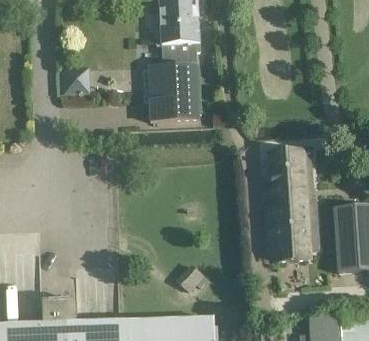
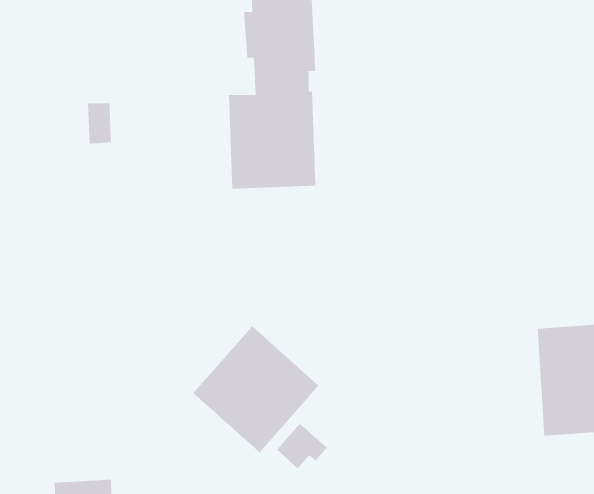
building: [268,151,319,264] -> none
building: none -> [193,326,319,453]

